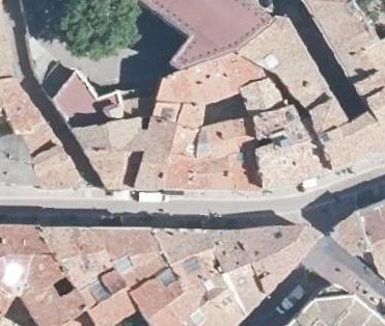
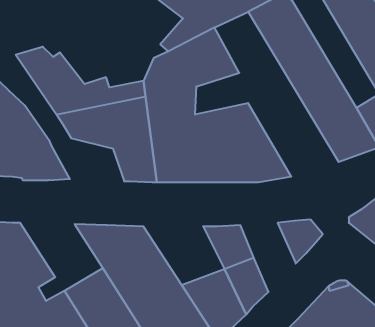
building: [217,34,331,186] -> none
building: [85,151,134,190] -> none
building: [38,228,114,291] -> none
building: [241,228,292,292] -> none
building: [152,232,226,286] -> none

